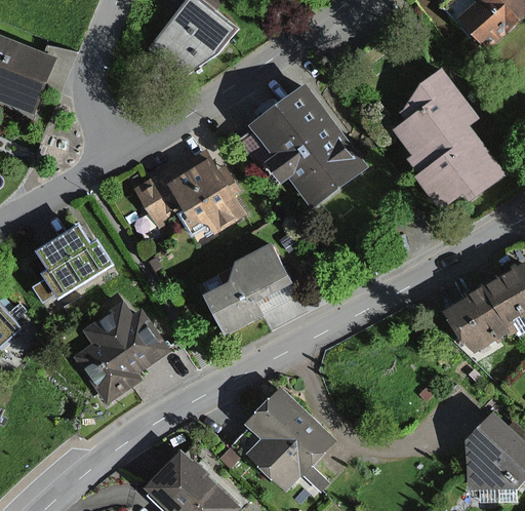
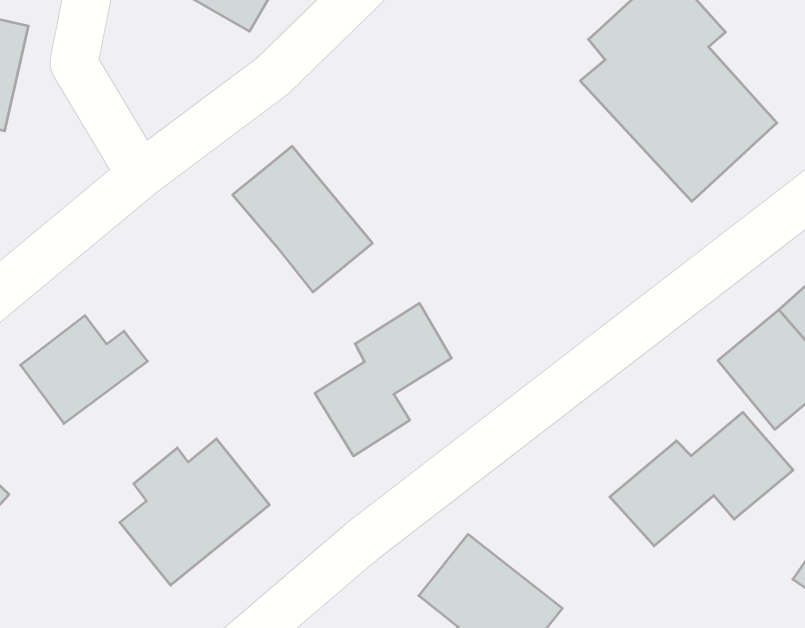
building: [248,84,367,207] -> none
building: [142,171,194,225] -> none
building: none -> [610,412,793,546]

